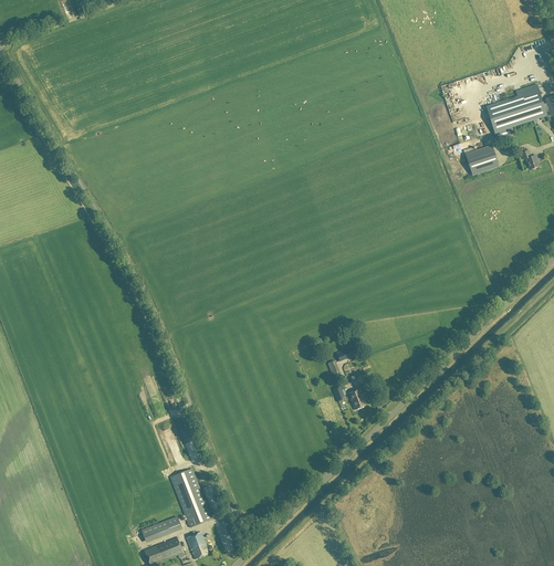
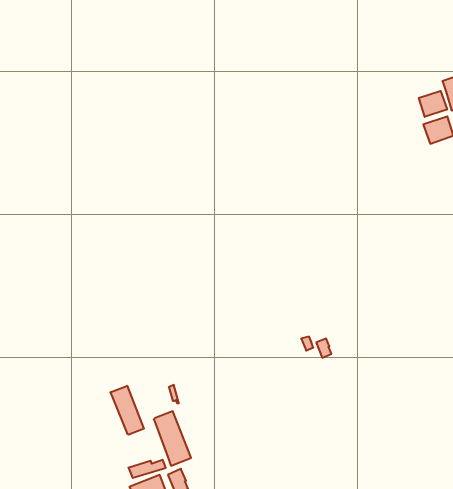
building: none -> [419,91,447,117]
building: none -> [111,386,144,435]

